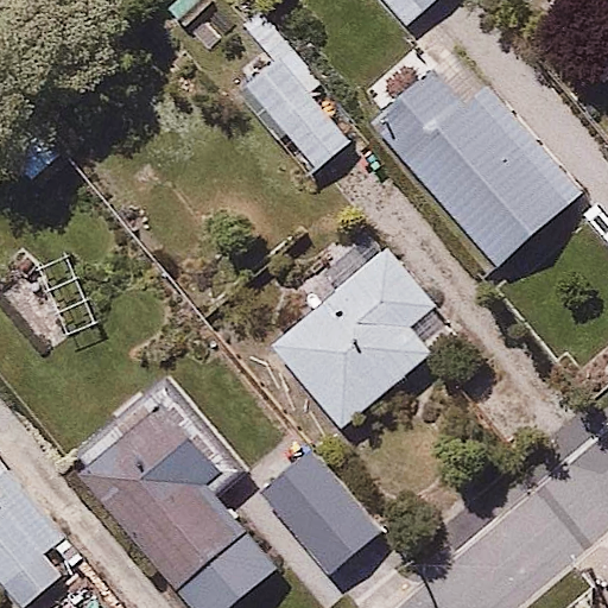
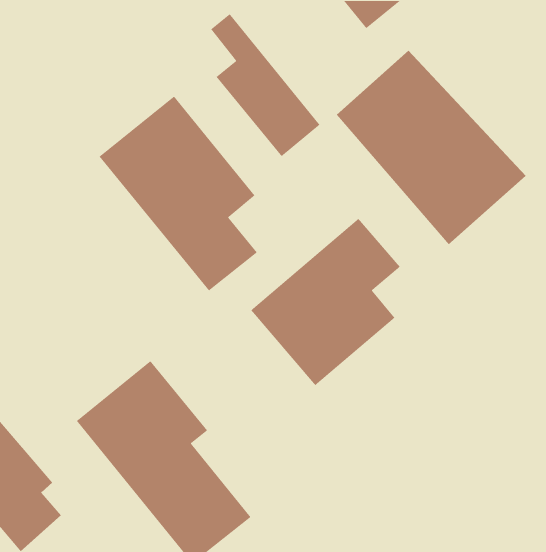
building: none -> [99,95,258,292]
building: [256,456,374,580] -> none

